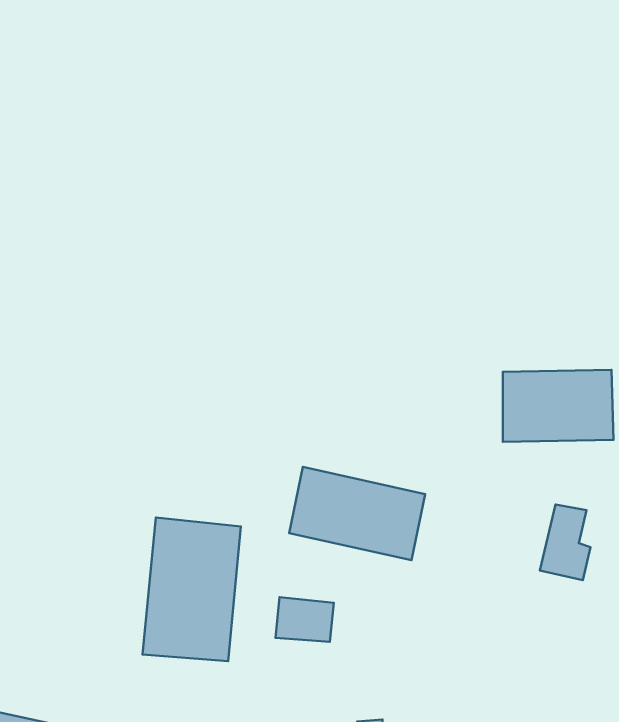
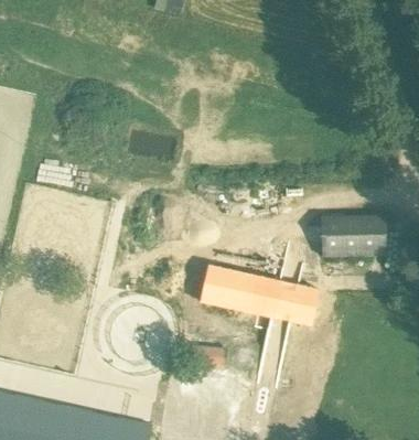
building: [540,504,590,580] -> [287,285,315,328]
building: [143,518,241,661] -> none

